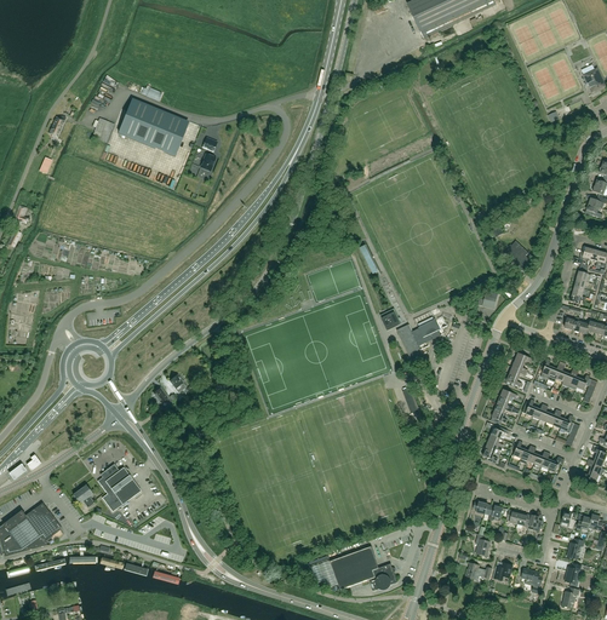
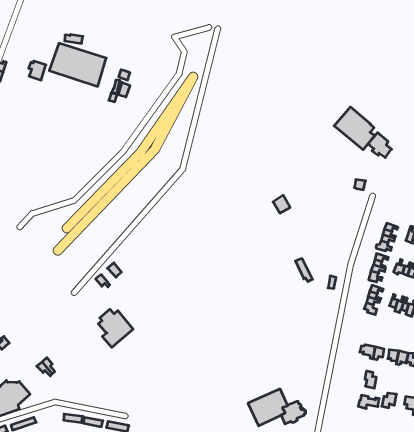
building: none -> [334,107,375,150]
building: [395,318,440,364] -> none
building: [97,464,139,511] -> [98,309,133,347]

